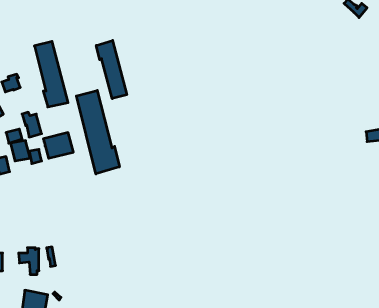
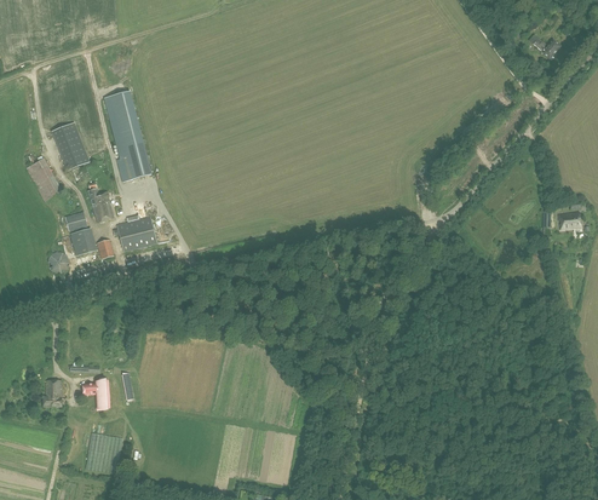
building: [96,40,127,99] -> none
building: [76,90,119,174] -> none

